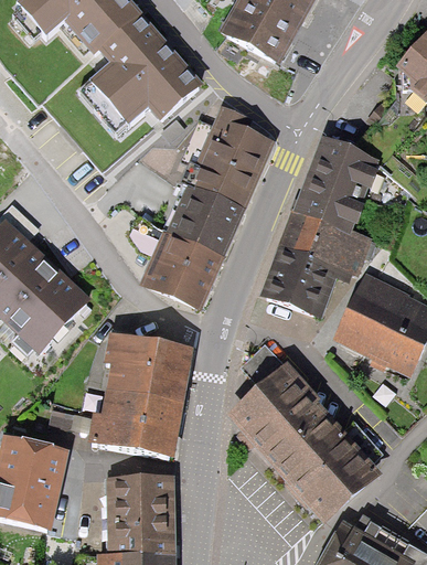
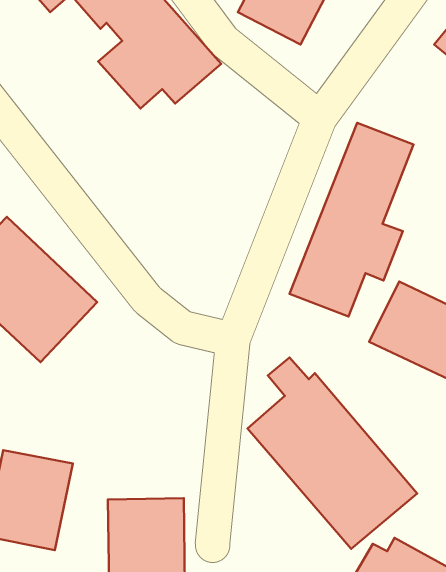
building: [129,104,277,311] -> none
building: [90,335,192,457] -> none

